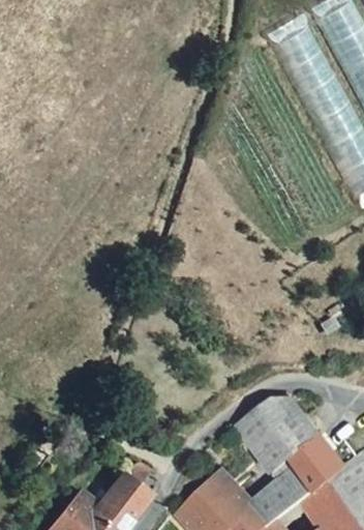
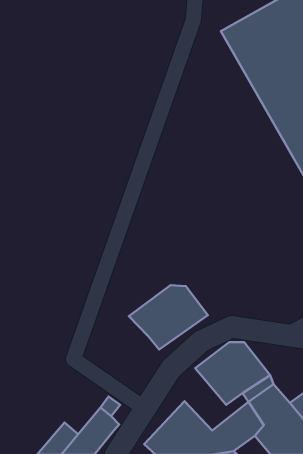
building: none -> [129,285,208,349]

